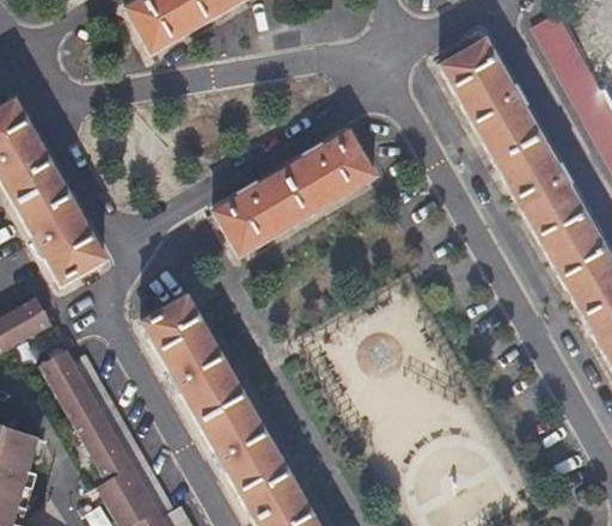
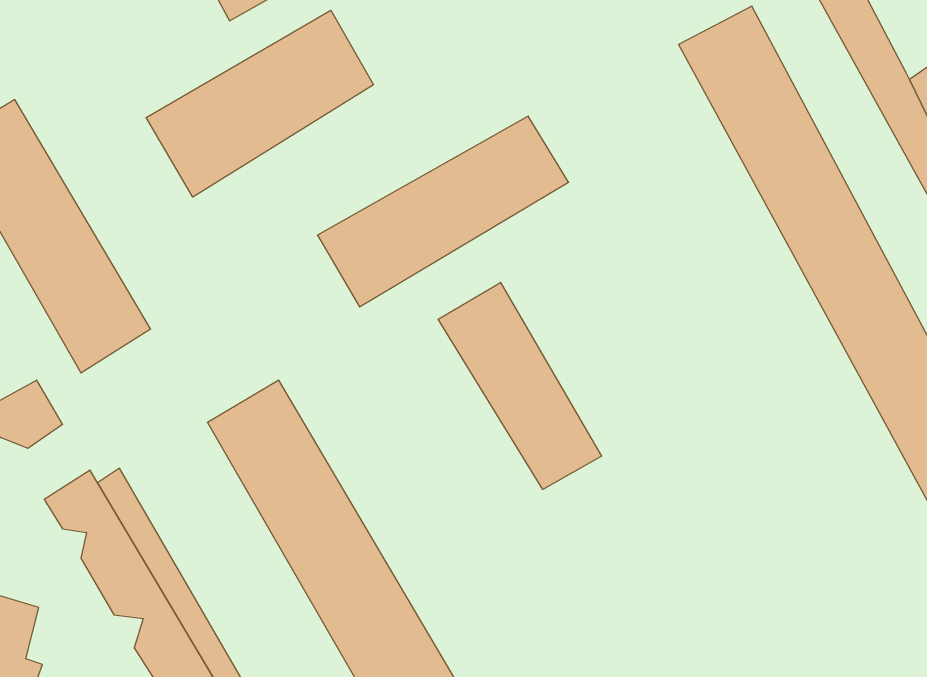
building: none -> [146,10,374,197]
building: none -> [438,282,602,489]

